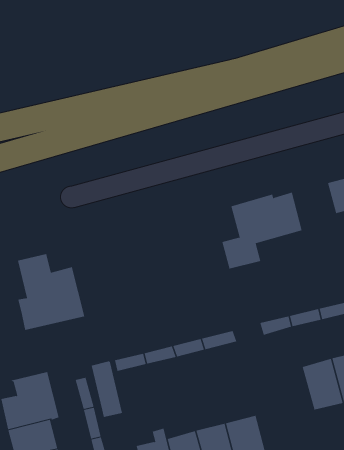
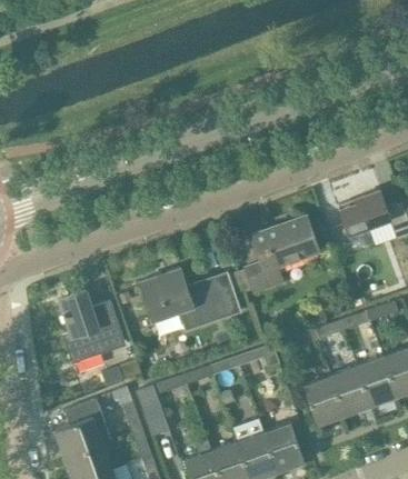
building: none -> [138,269,243,331]
building: none -> [301,375,342,422]

